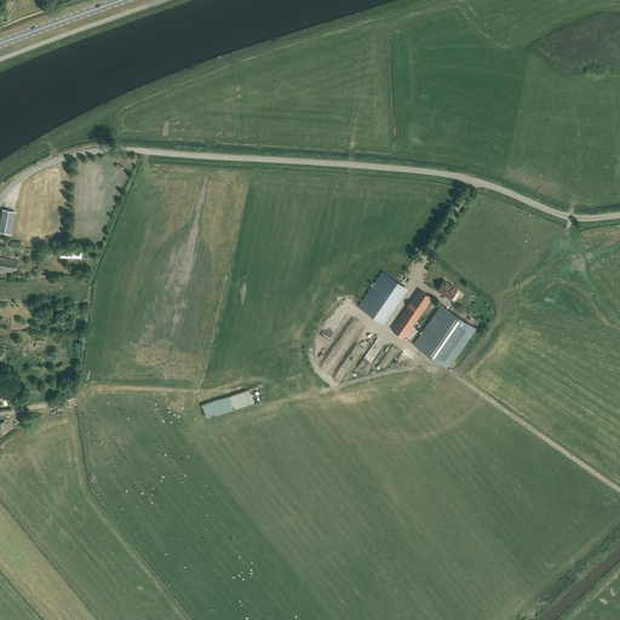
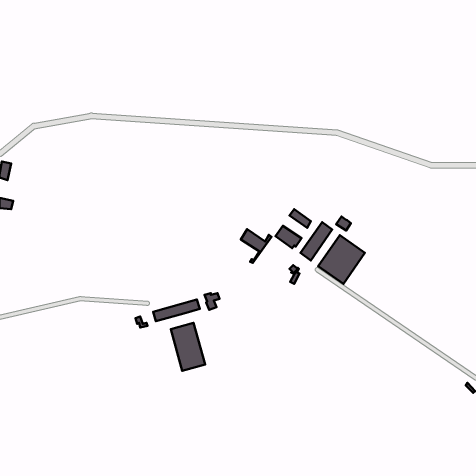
building: [367,281,407,325] -> [241,229,272,263]
building: none -> [171,323,205,371]

